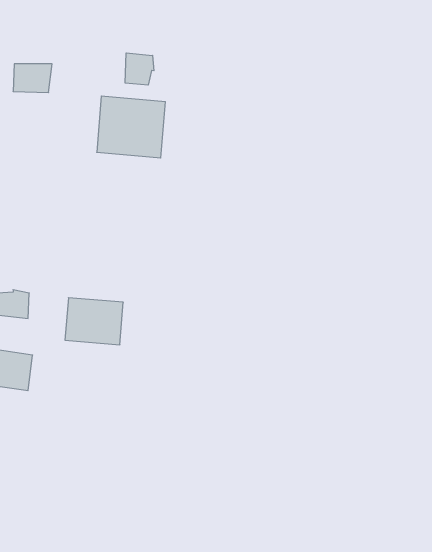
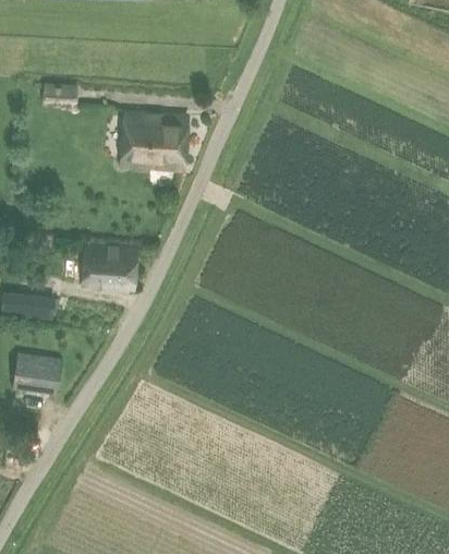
building: [125,53,154,85] -> none
building: [65,298,123,345] -> [82,242,137,287]

